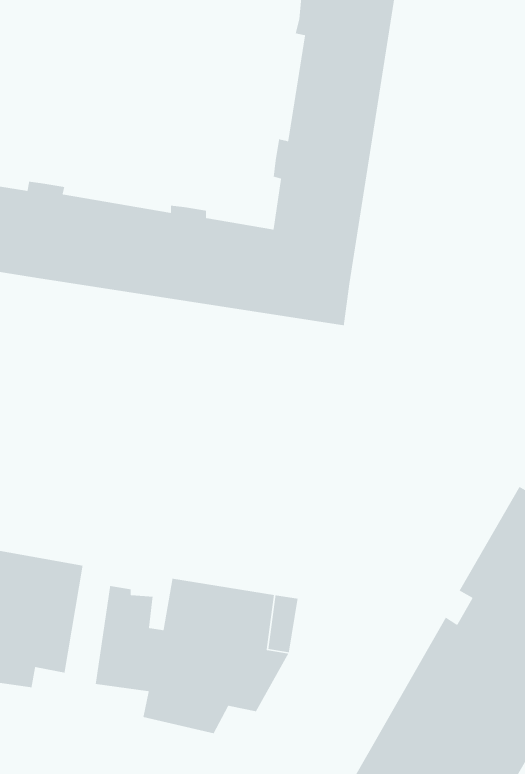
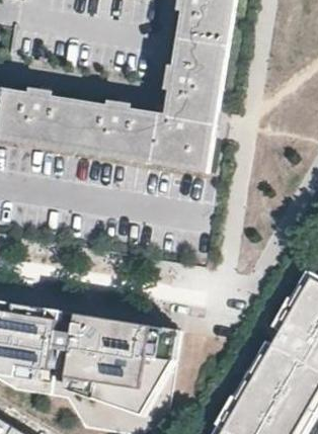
building: none -> [34,312,158,417]

